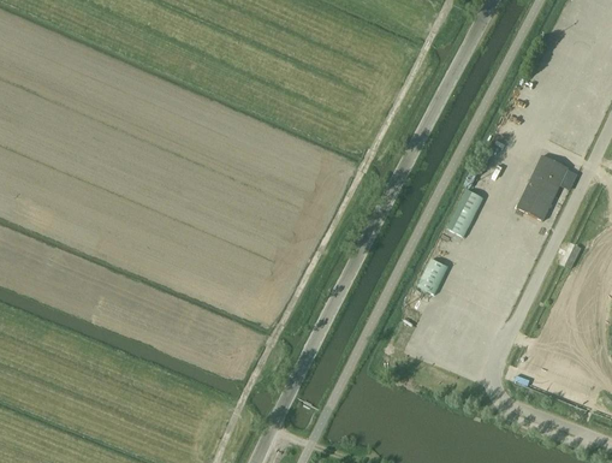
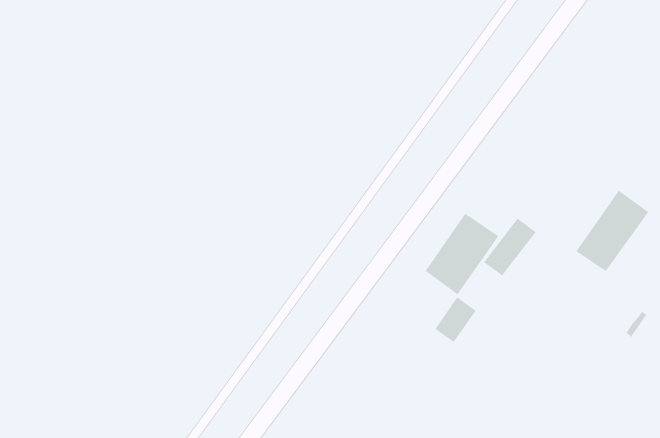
building: none -> [425,213,499,295]

